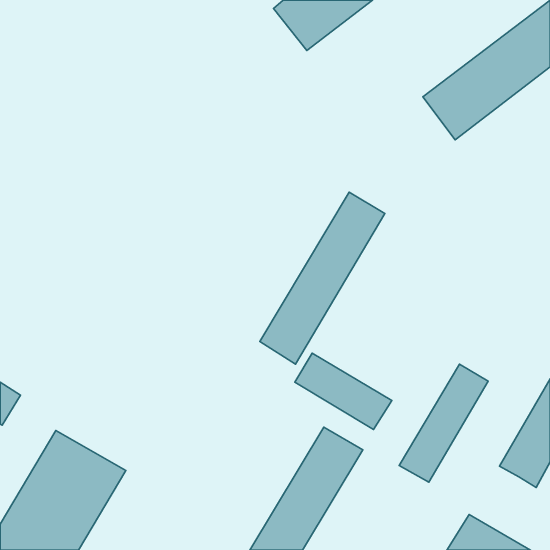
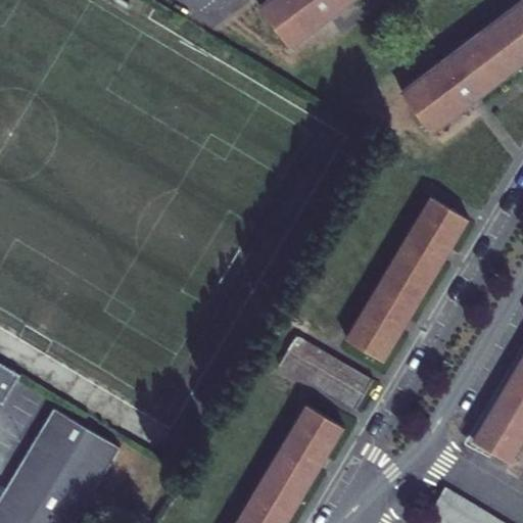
building: [260,192,385,364] -> [348,197,467,361]
building: [399,364,488,482] -> none

